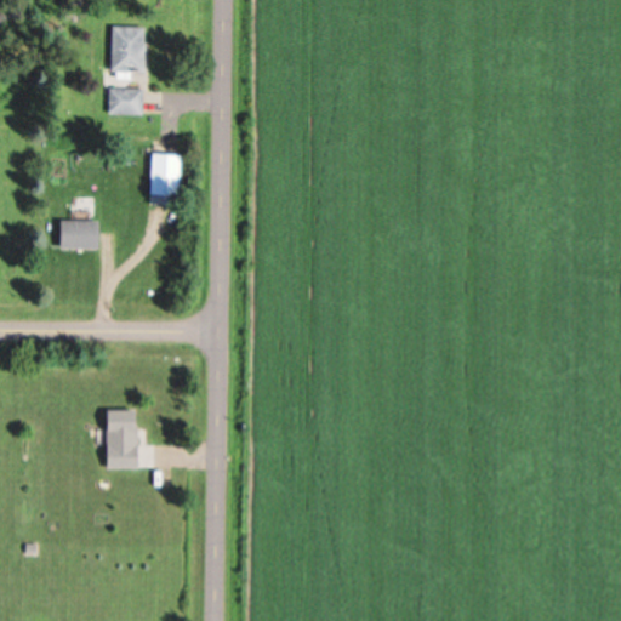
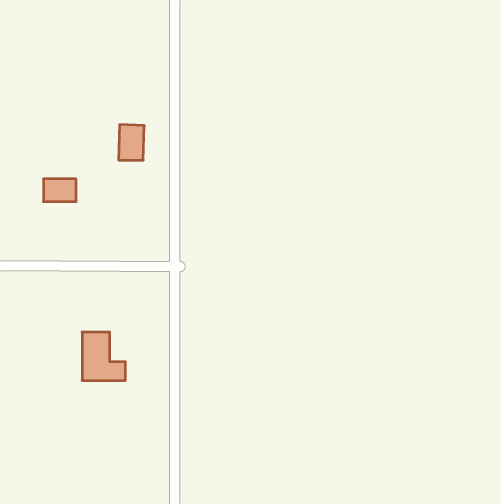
building: [112,27,146,84] -> none
building: [110,89,147,115] -> none

